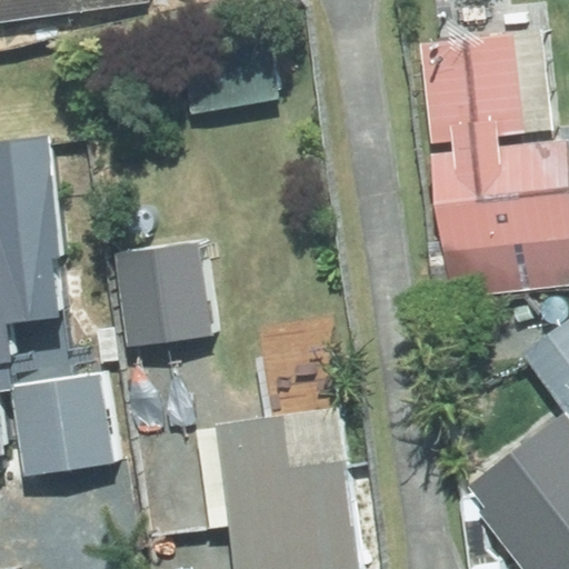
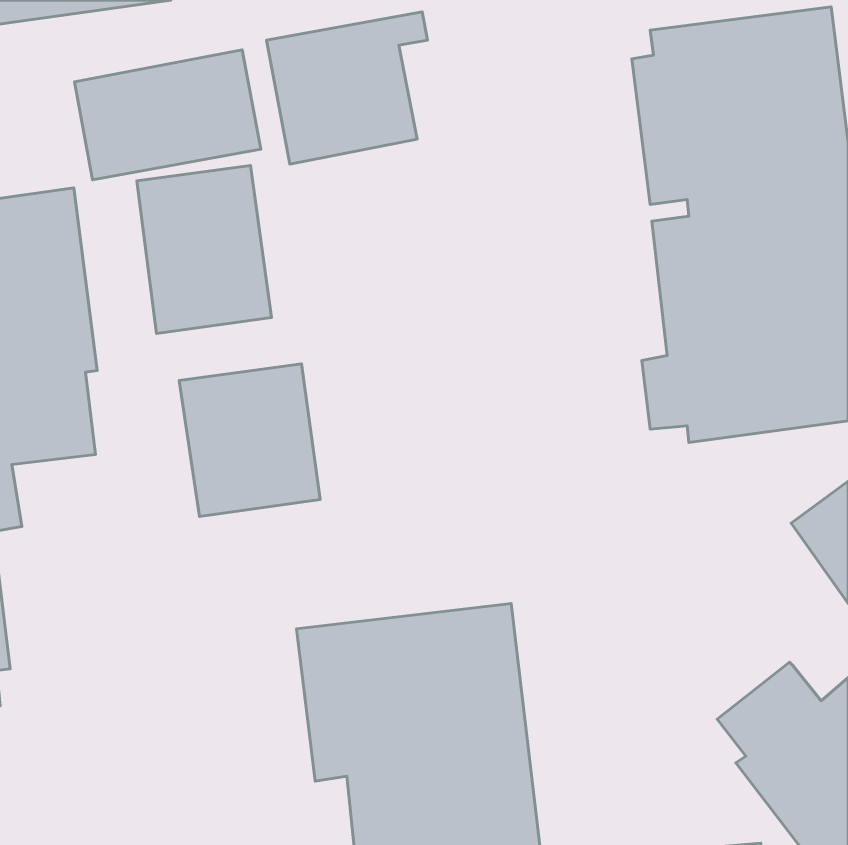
building: none -> [74,50,261,180]
building: none -> [137,166,271,333]
building: [12,376,111,475] -> none

